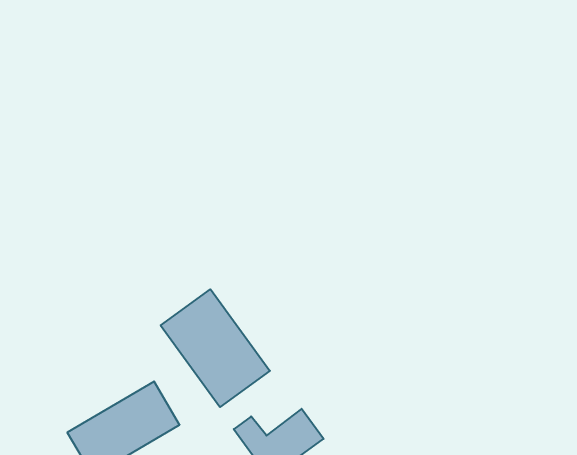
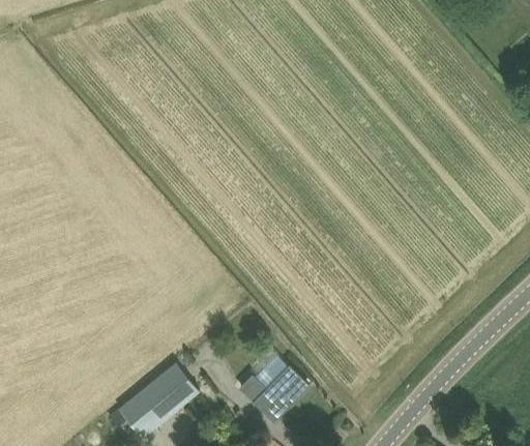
building: [161,289,270,407] -> none

